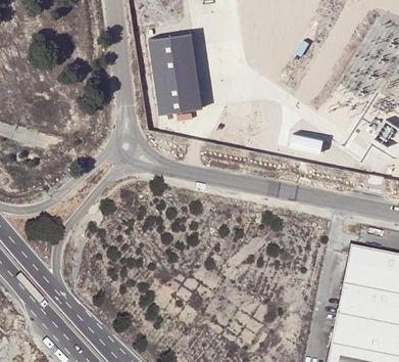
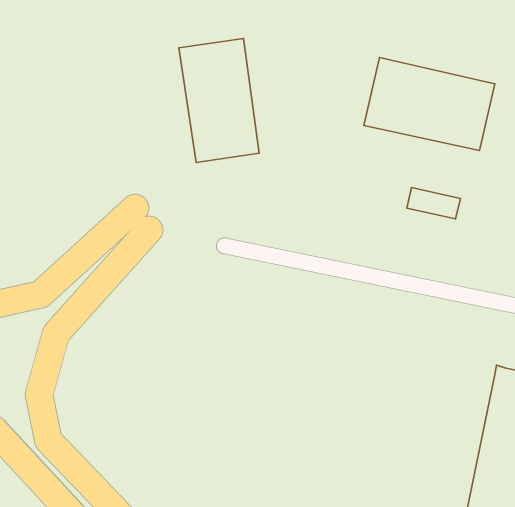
building: none -> [364,57,495,150]

